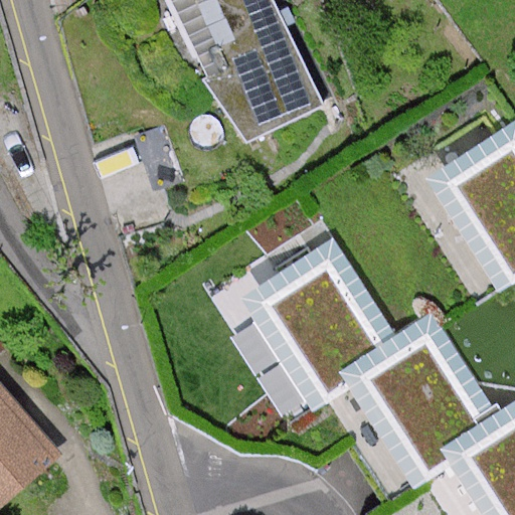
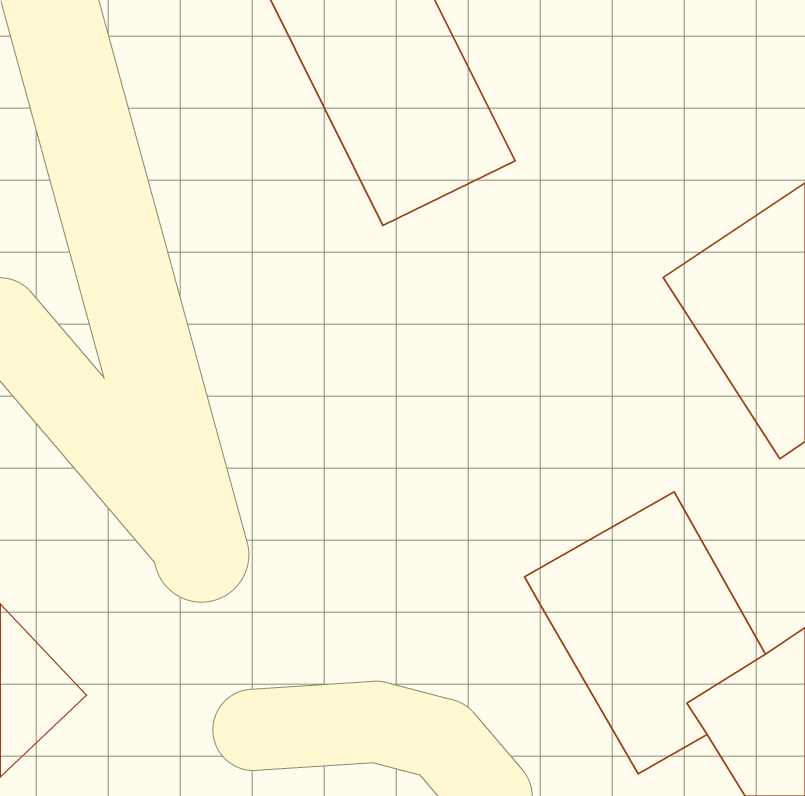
building: [232,239,386,409] -> none

